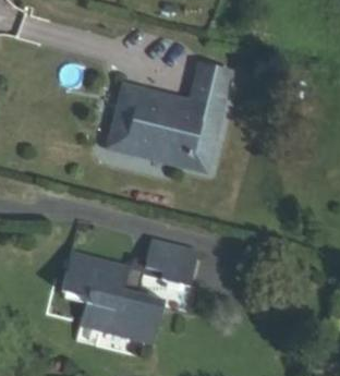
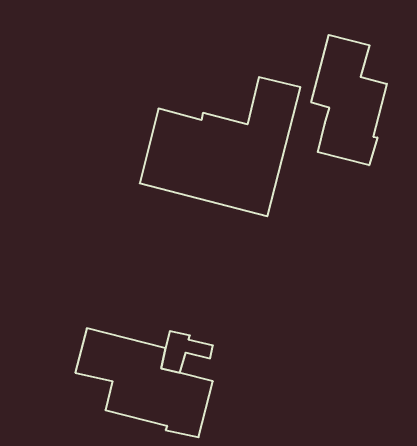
building: none -> [311,35,387,165]
building: [147,240,199,288] -> none

